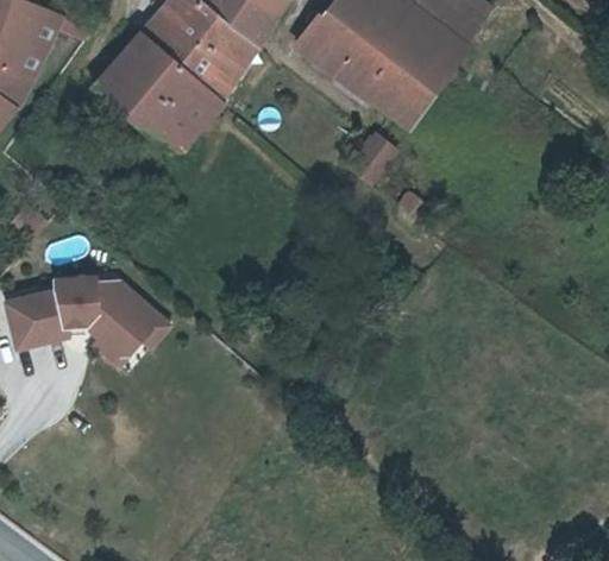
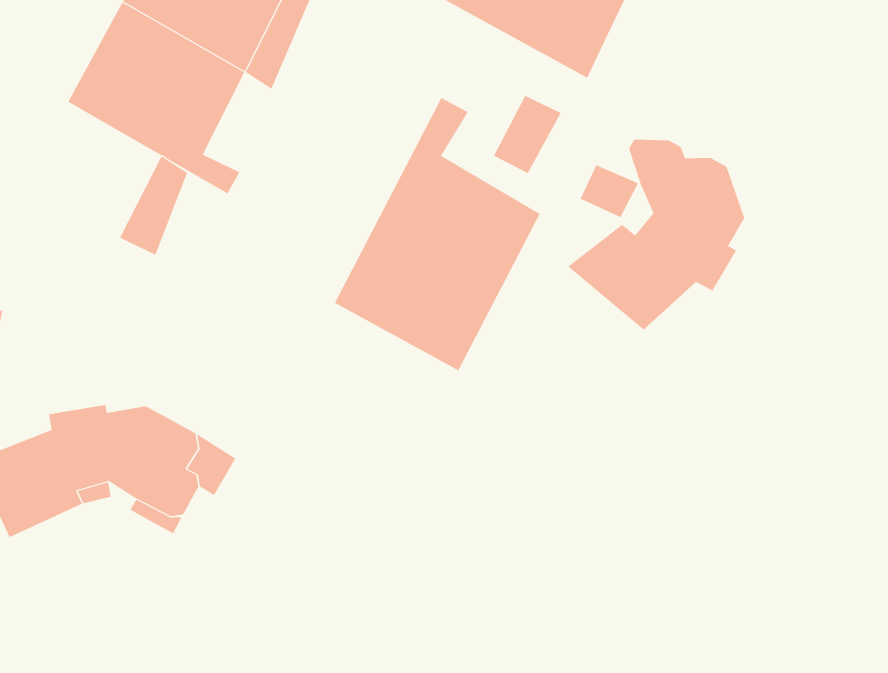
building: [174,92,221,151] -> [119,156,188,256]
building: none -> [334,97,540,371]
building: none -> [567,139,745,330]

